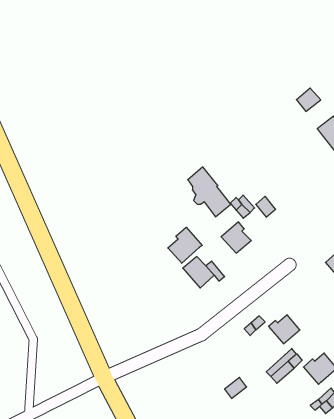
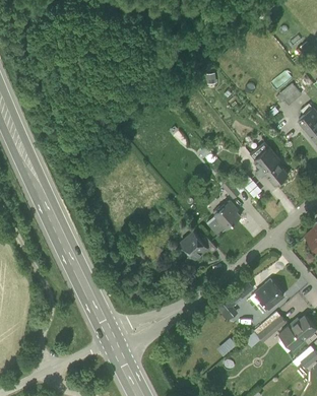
building: [188,167,231,217] -> [251,142,289,186]
building: [168,227,202,263] -> none

